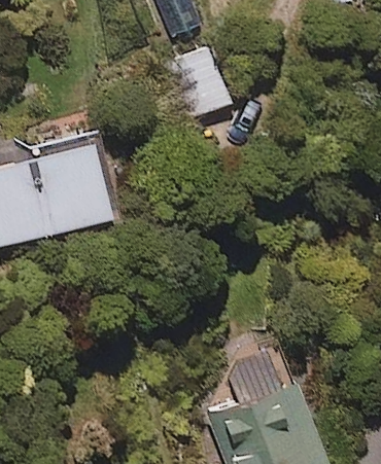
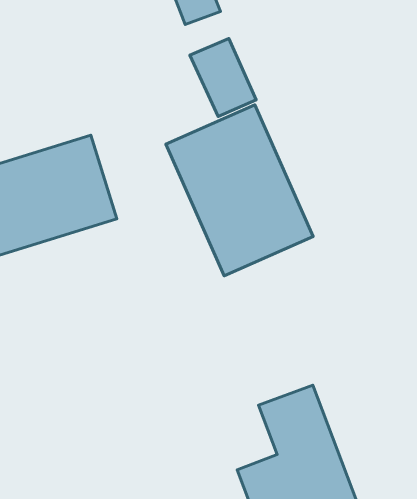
building: none -> [166,105,313,276]

